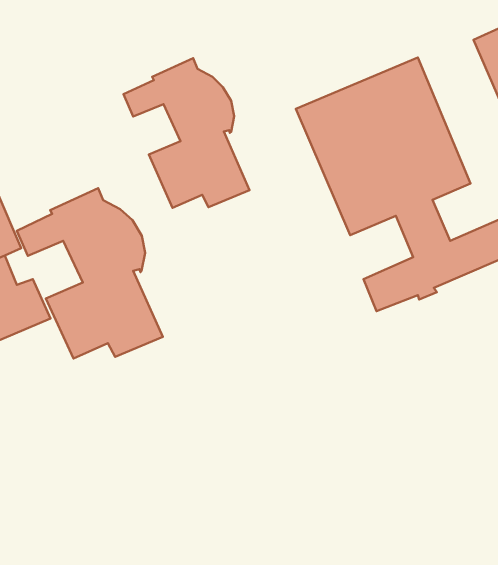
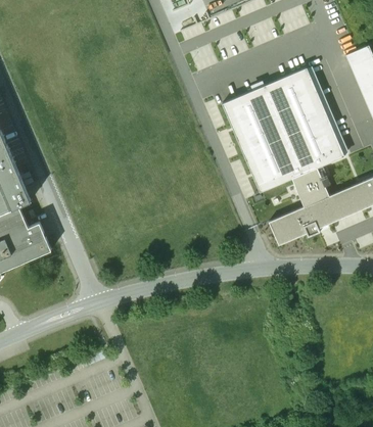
building: [123,58,249,208] -> none
building: [17,188,163,359] -> none

